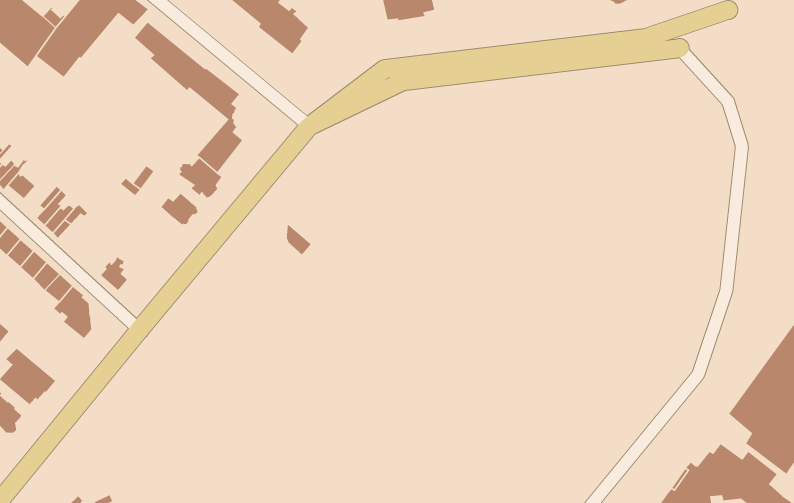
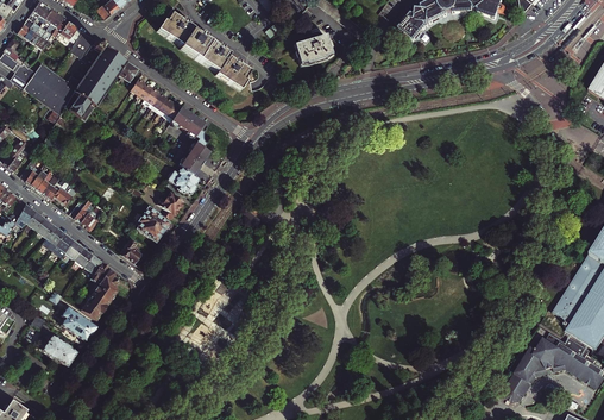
building: none -> [137,206,168,240]
building: none -> [81,286,113,319]

